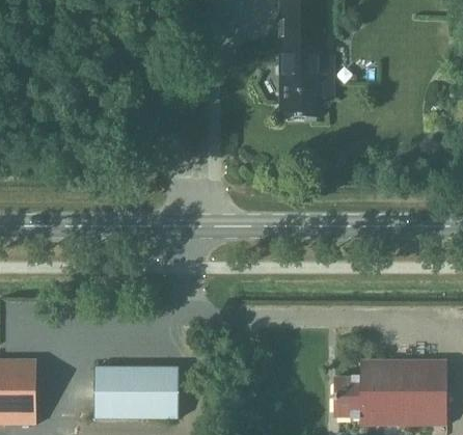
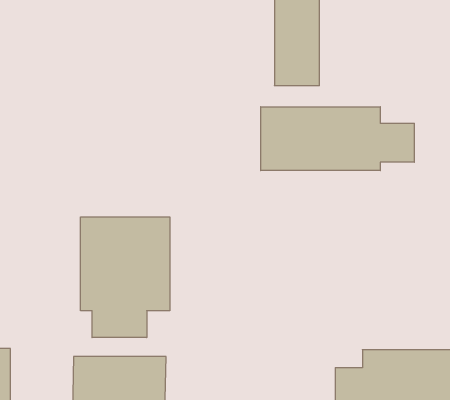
building: none -> [261,107,414,171]
building: none -> [81,217,170,338]

